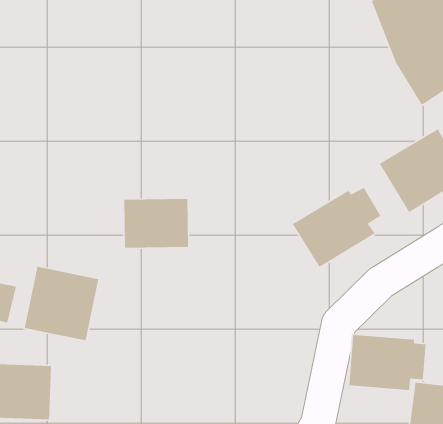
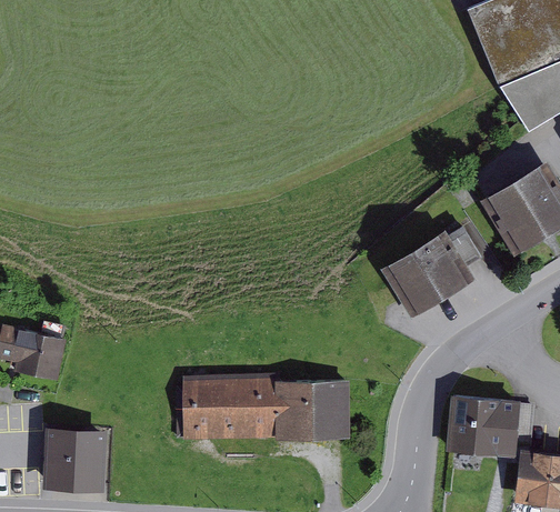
building: [123,198,189,248] -> none
building: [24,266,99,341] -> none
building: none -> [177,375,350,441]

